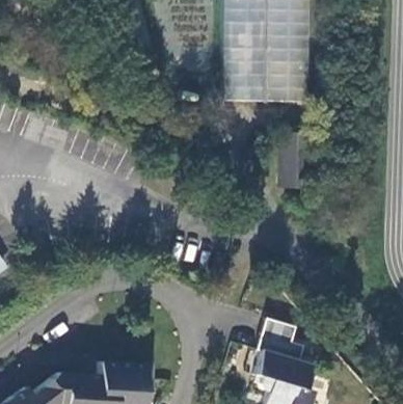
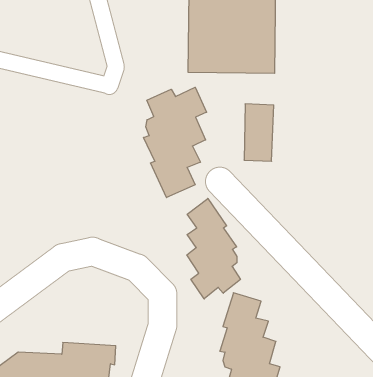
building: none -> [144,87,207,198]
building: none -> [187,198,240,299]

